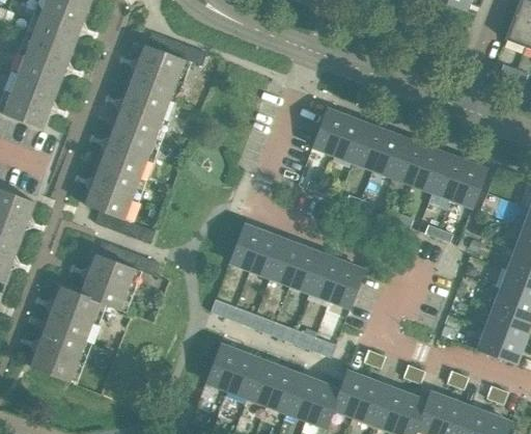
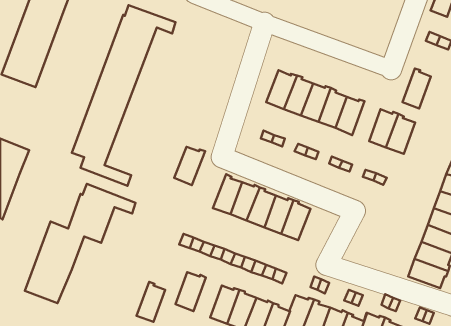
building: [412,145,445,192] -> [402,68,431,108]
building: [228,225,264,270] -> [174,147,205,185]
building: [226,351,259,398] -> [137,282,165,322]

